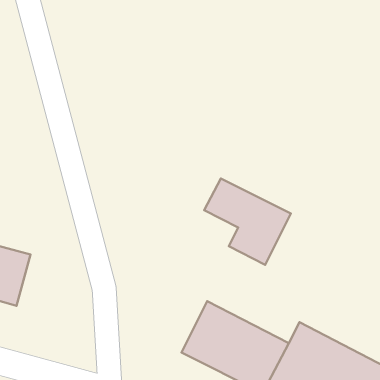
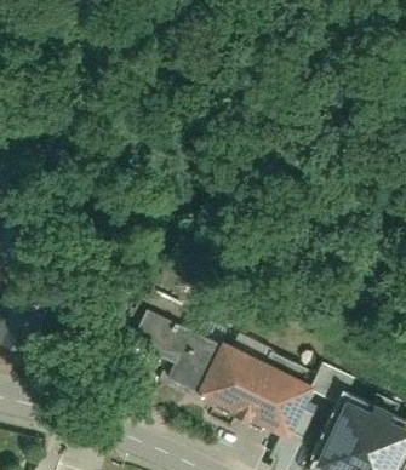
building: [204,178,291,265] -> [135,305,224,395]

